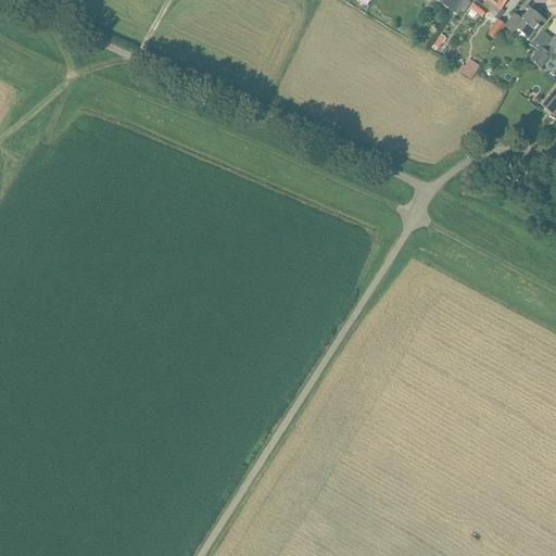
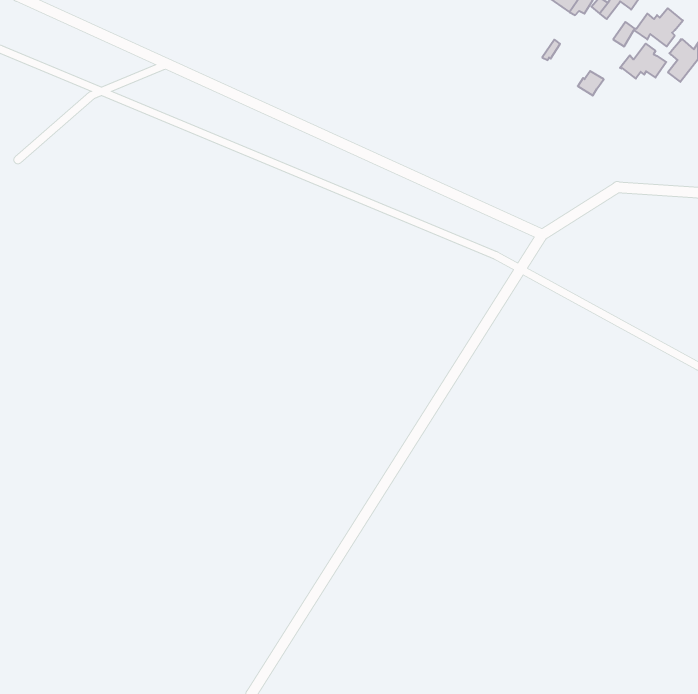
building: none -> [620,44,666,79]

